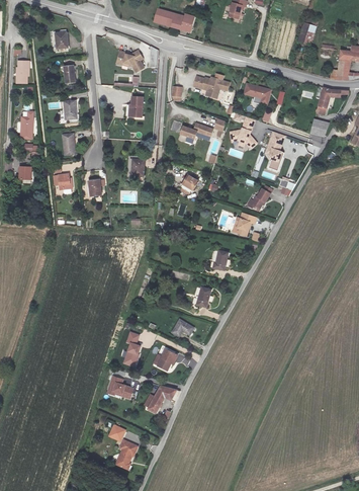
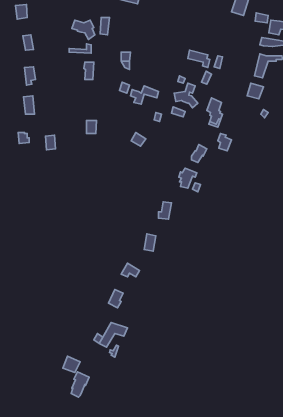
building: [194,73,231,93] -> none
building: [122,329,142,365] -> none
building: [106,374,133,398] -> none

